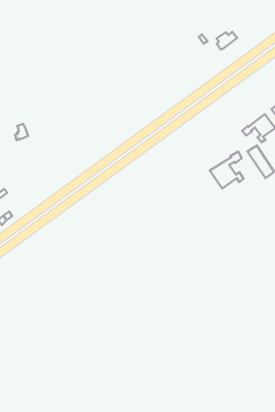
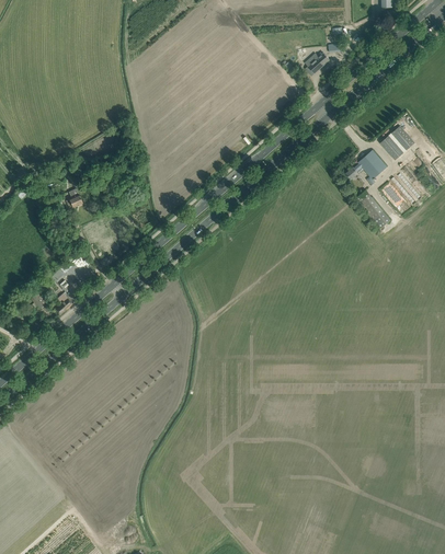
building: [210,152,243,188] -> none

